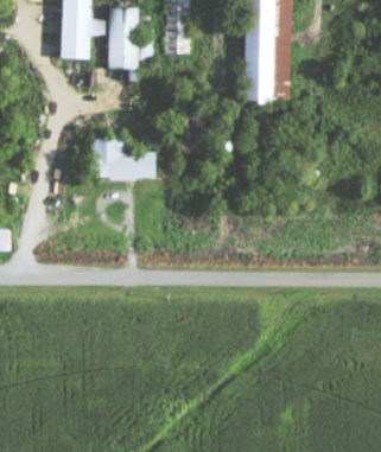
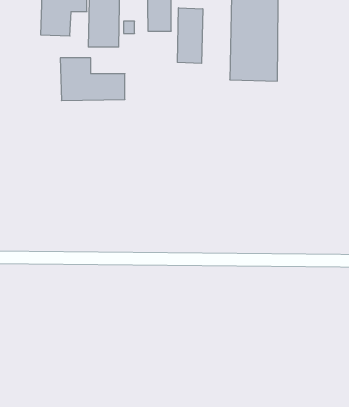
building: none -> [177,8,203,63]
building: [93,138,155,179] -> [60,58,125,101]

